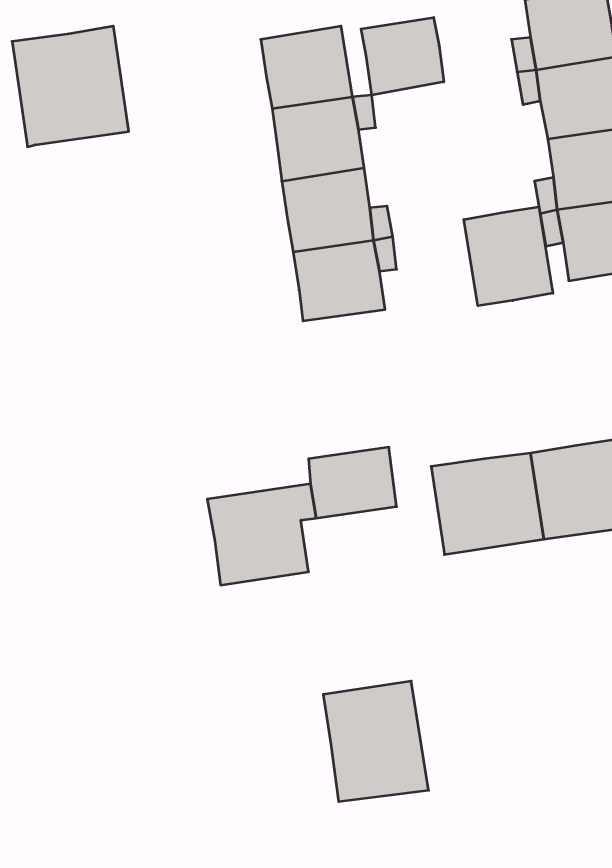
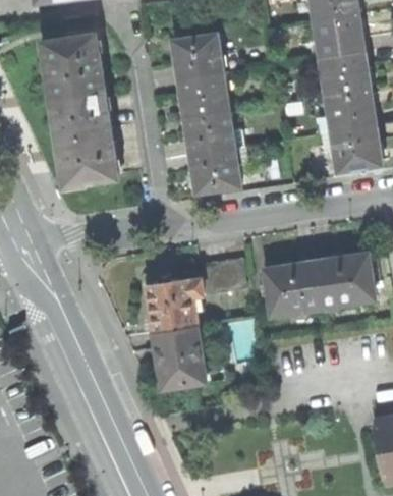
building: [361,17,444,95] -> none
building: none -> [53,92,116,186]
building: [464,207,553,306] -> none
building: [323,681,429,802] -> [152,326,208,390]

